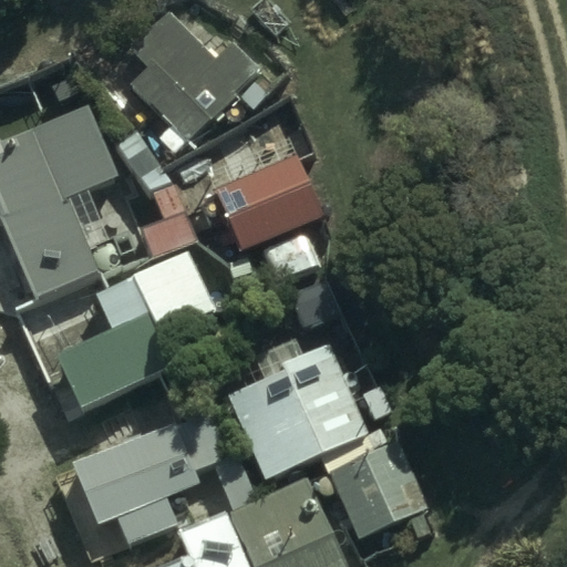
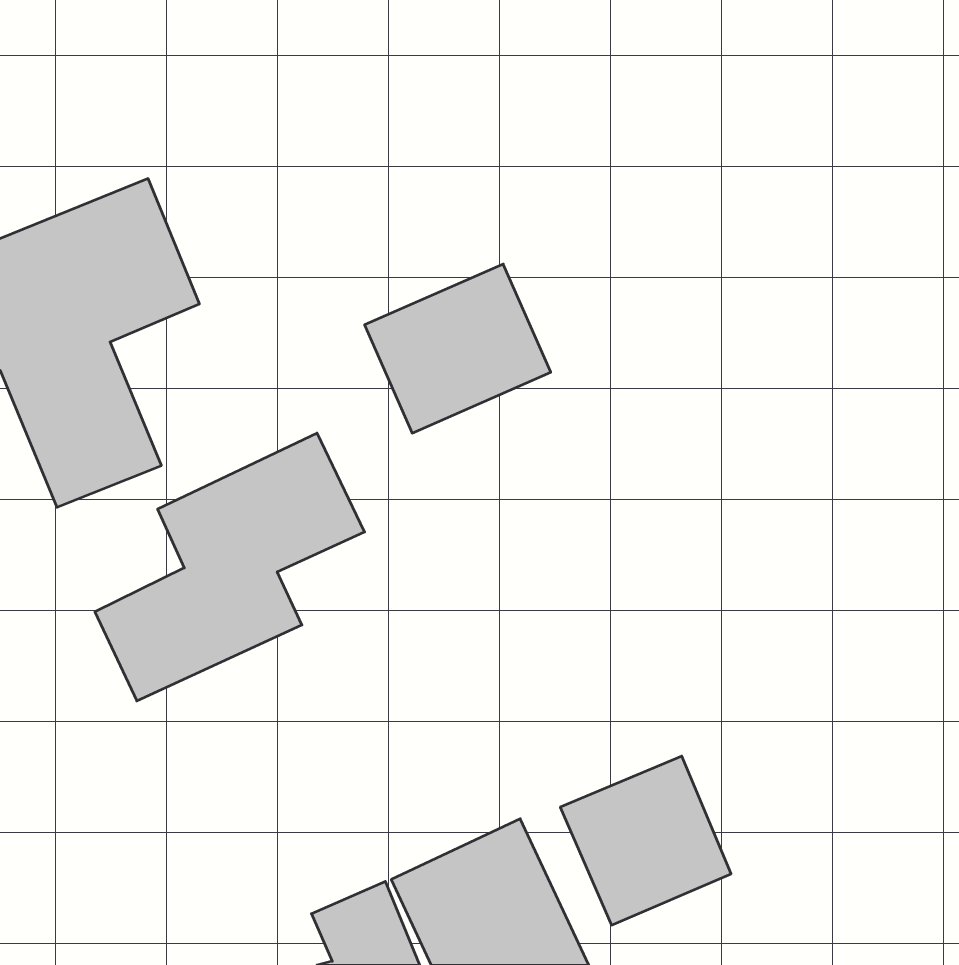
building: [128,9,256,142] -> none
building: [229,346,364,476] -> none
building: [75,412,229,543] -> none

